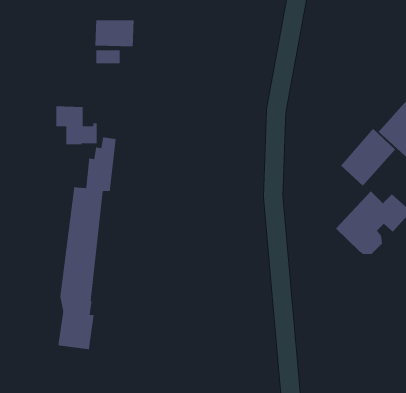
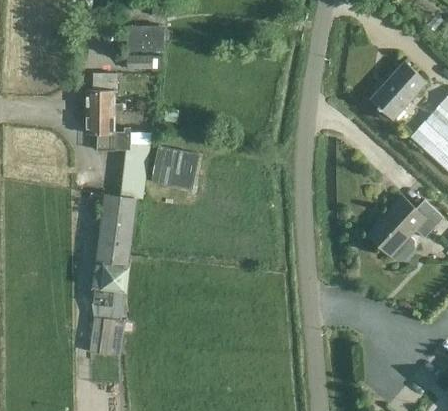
building: none -> [87,74,124,112]
building: [340,128,396,187] -> [371,61,427,120]
building: none -> [151,145,199,190]

